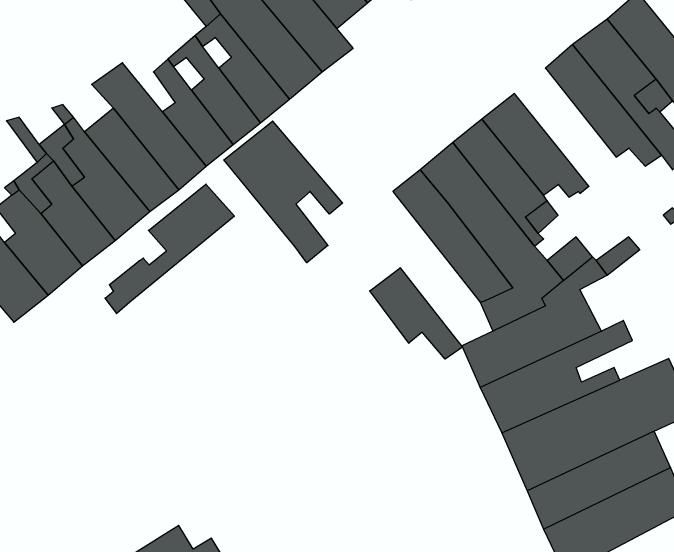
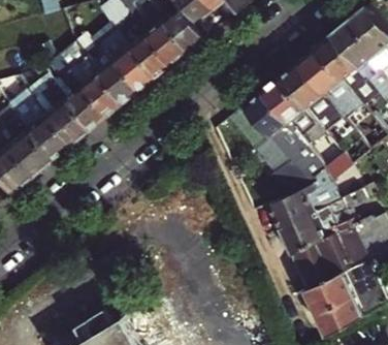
building: none -> [295,49,355,107]
building: [224,121,343,263] -> none
building: [105,184,234,314] -> none
building: [370,268,462,359] -> none

